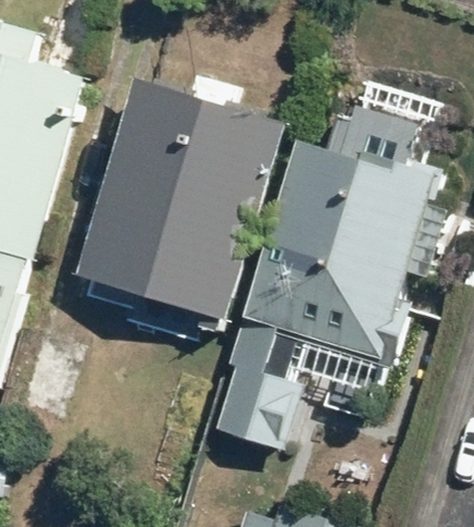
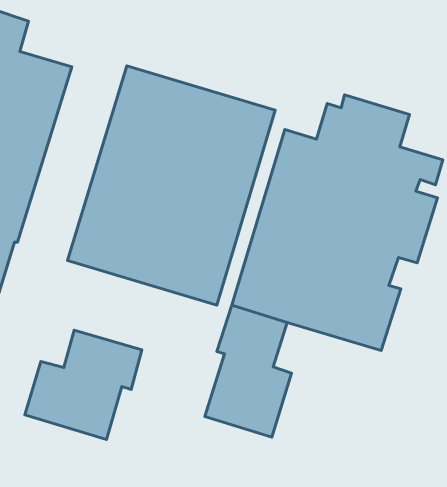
building: none -> [25,330,142,439]

